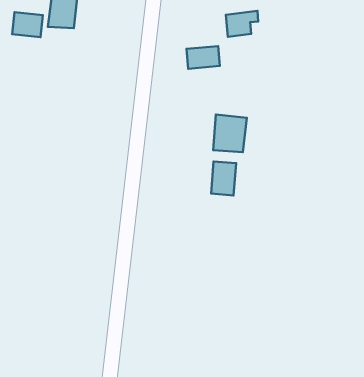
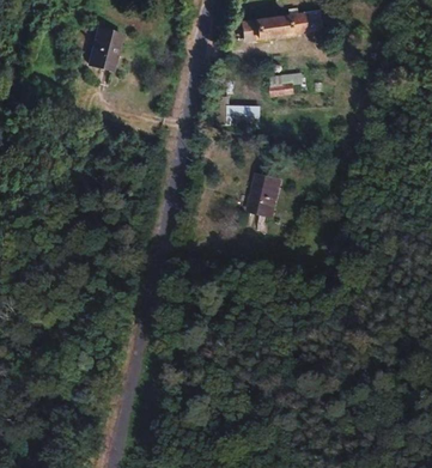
building: [12,12,43,37] -> none
building: [211,161,236,195] -> none

